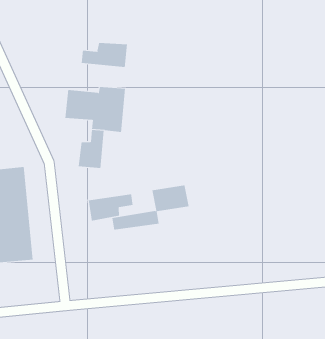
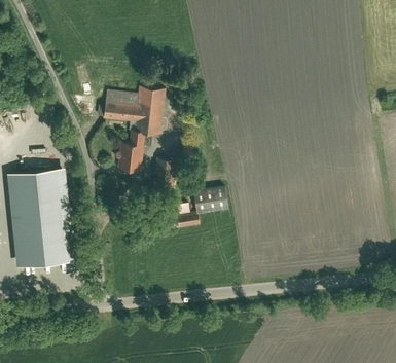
building: [81,42,127,68] -> none
building: [88,193,133,221] -> none

